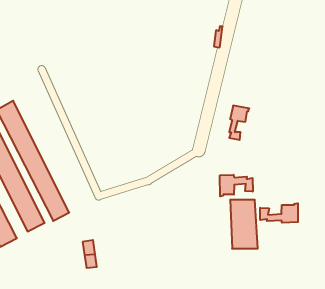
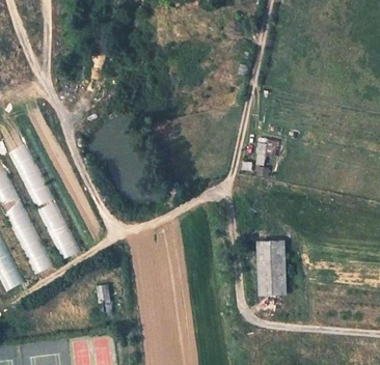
building: [220,175,253,196] -> none
building: [260,203,298,223] -> none

